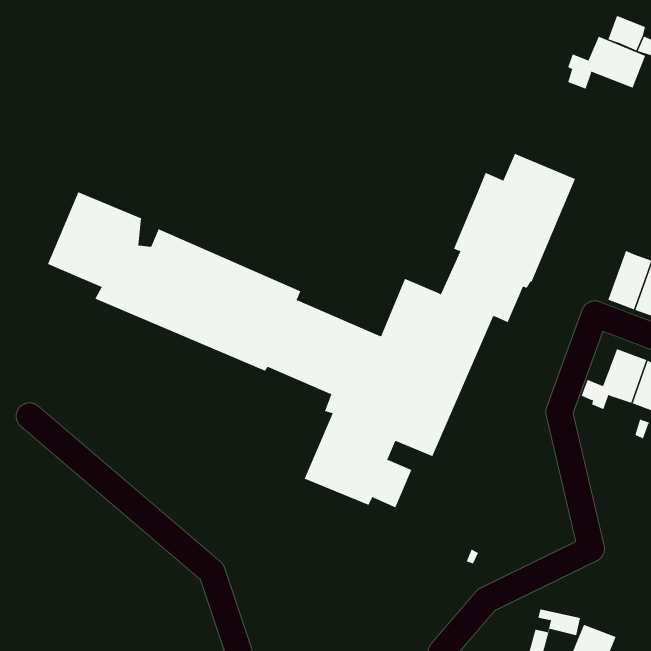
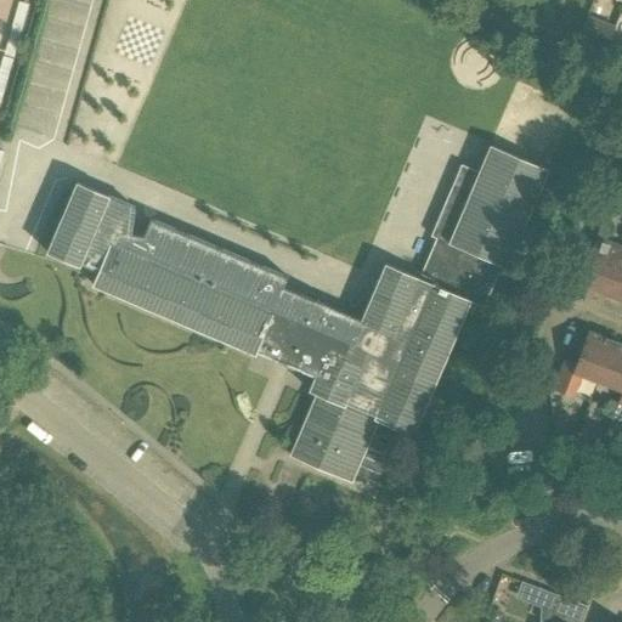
building: [567,36,646,89] -> none

